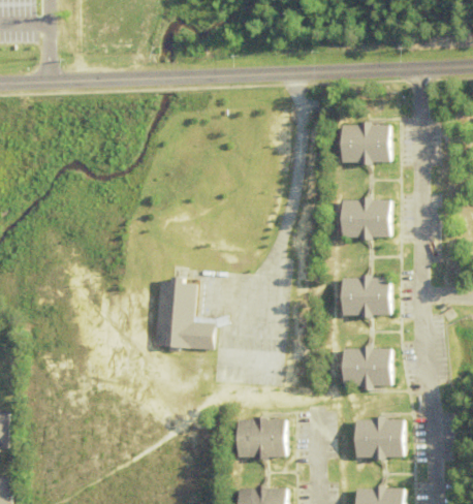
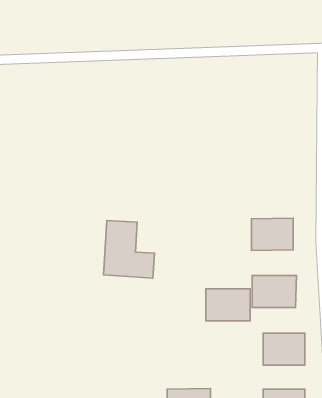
building: [339,123,392,163] -> none
building: [338,198,392,238] -> none
building: [233,418,288,458] -> [206,289,250,321]

